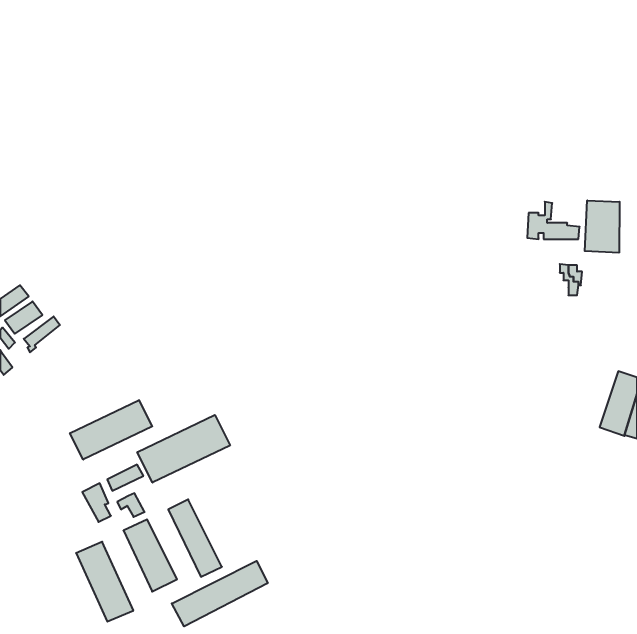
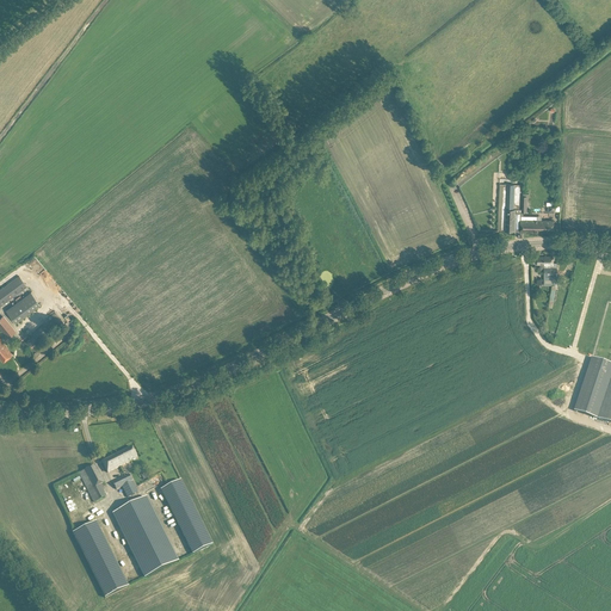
building: [585,200,620,253] -> none
building: [70,400,152,460] -> none
building: [137,415,230,483] -> none
building: [172,561,268,626] -> none

